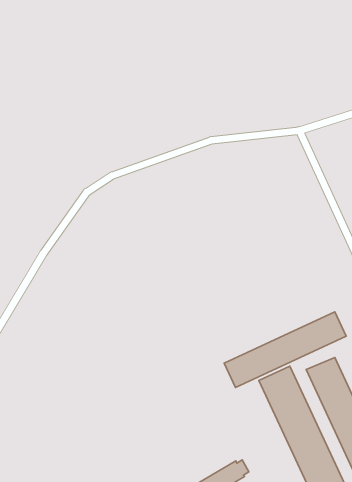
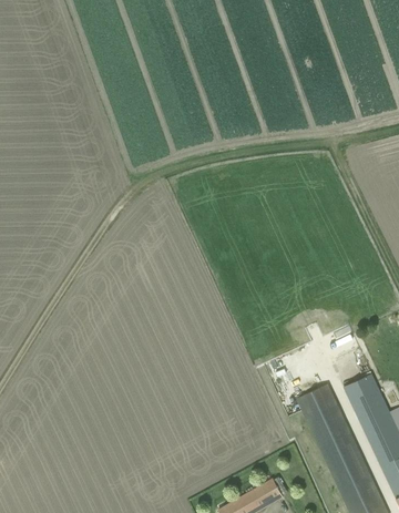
building: [224,312,346,388] -> none

